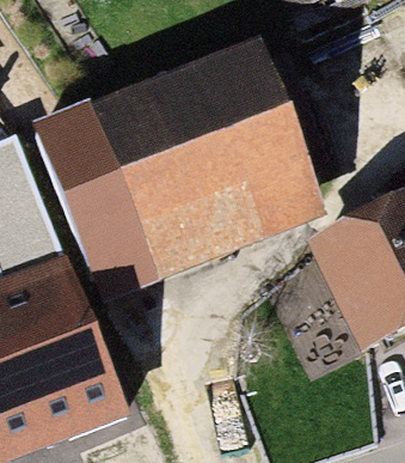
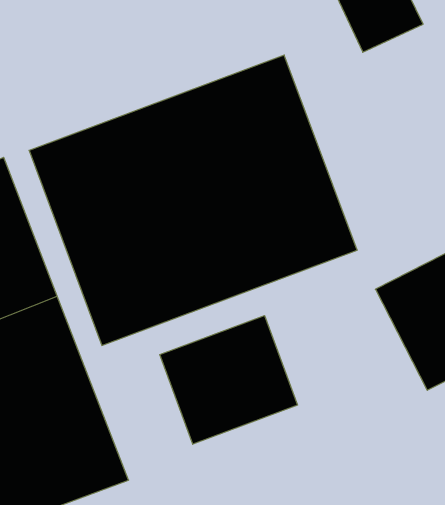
building: none -> [160,316,298,444]

